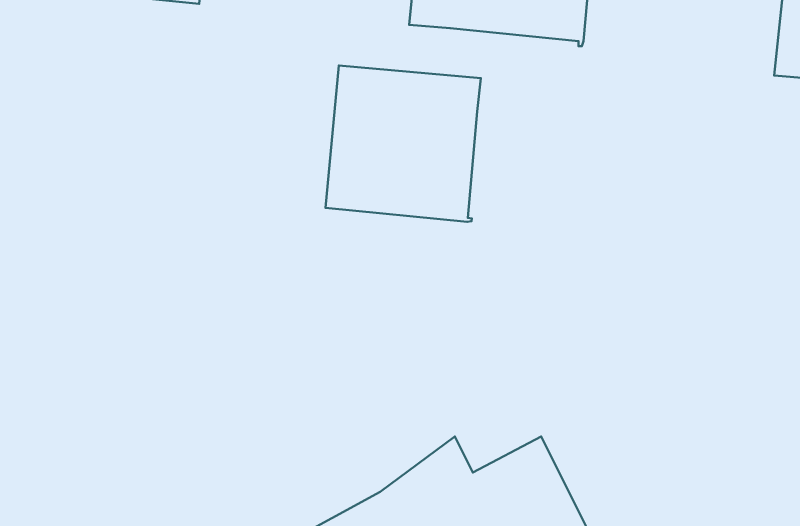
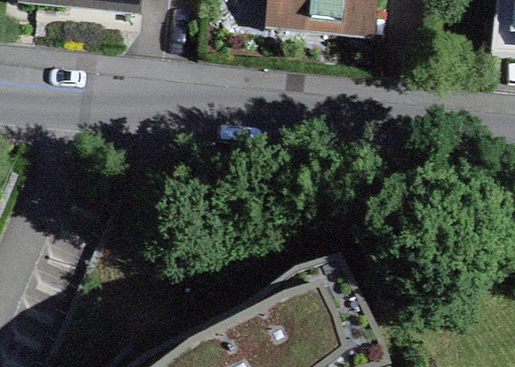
building: [325,65,481,222] -> none

